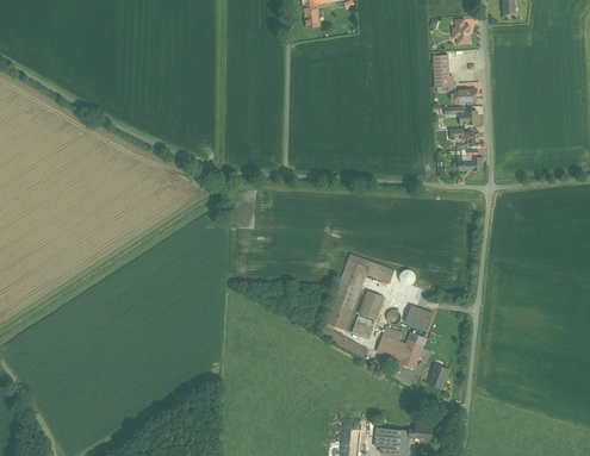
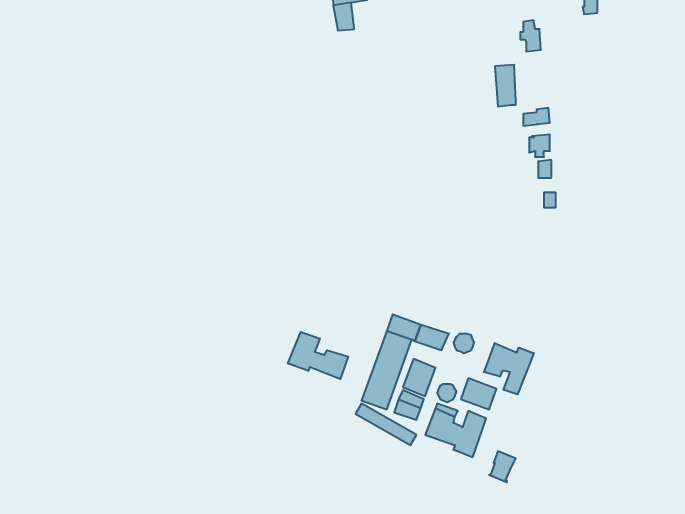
building: none -> [288,332,348,379]
building: none -> [484,343,534,394]

